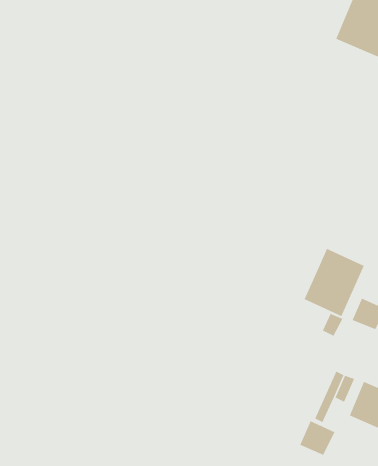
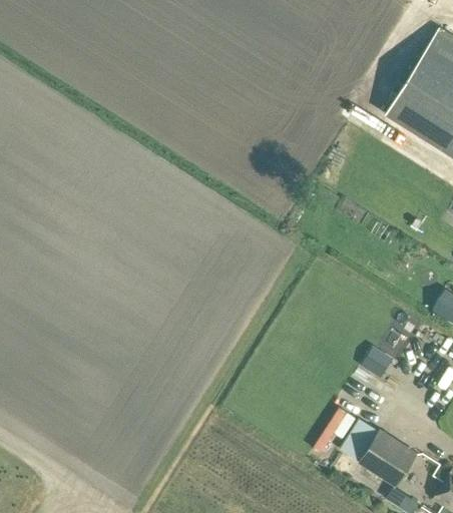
building: [304,248,365,317] -> none
building: [299,420,335,456] -> none

